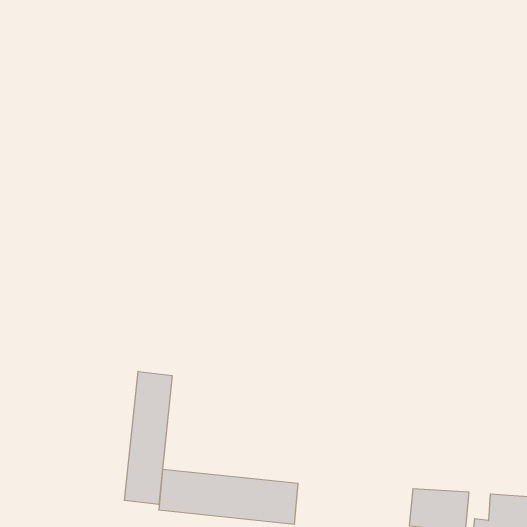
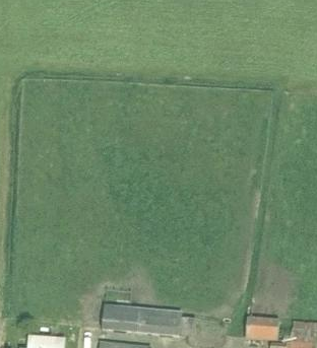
building: [125,371,172,505] -> none

